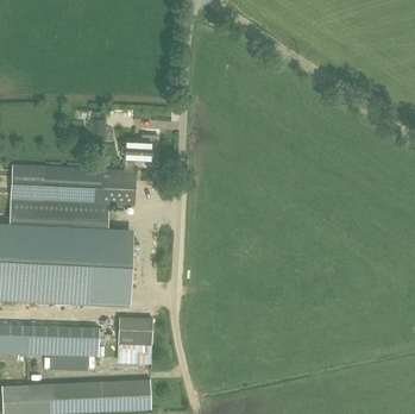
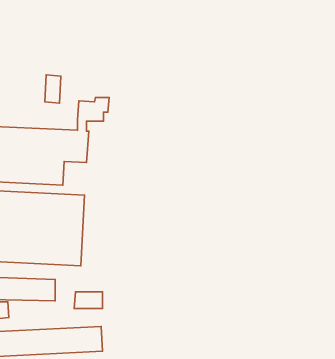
building: [120,319,153,339] -> none

